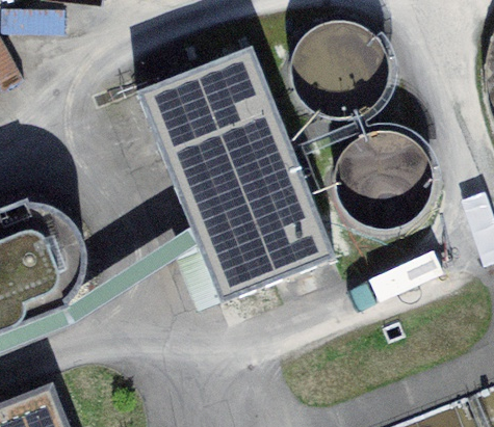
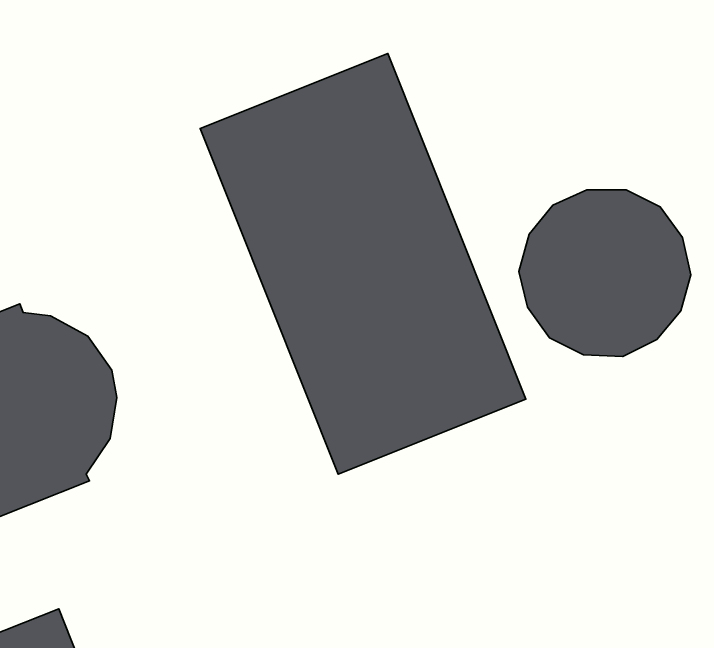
building: [287,16,391,119] -> none

